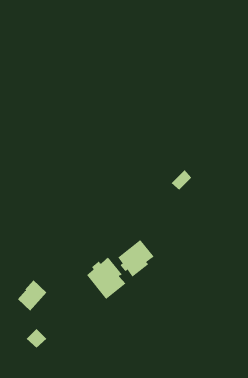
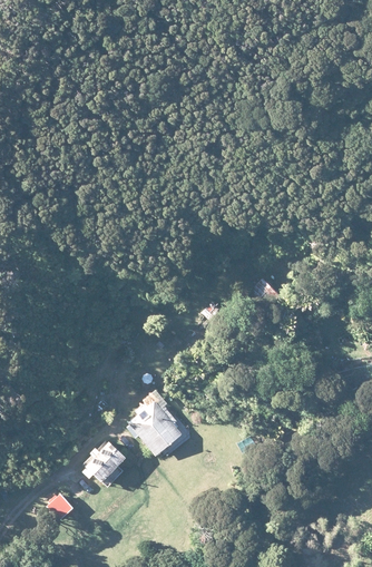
building: [117,239,154,277] -> none
building: [17,280,47,311] -> [85,440,126,483]

